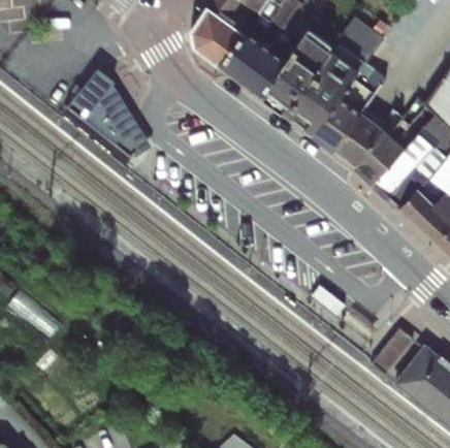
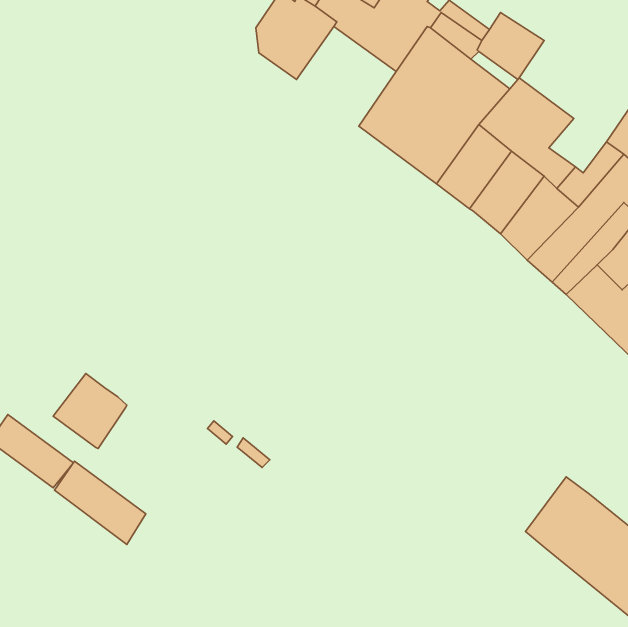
building: [220,29,286,95] -> none
building: [68,77,150,163] -> none
building: none -> [53,373,127,449]
building: none -> [54,461,146,545]

